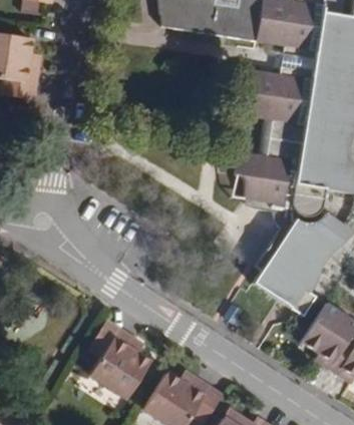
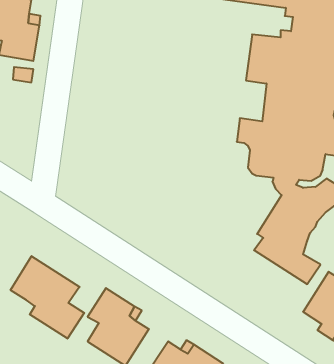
building: none -> [11,256,84,339]

